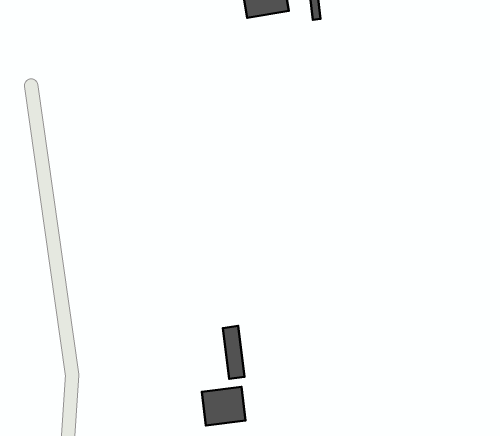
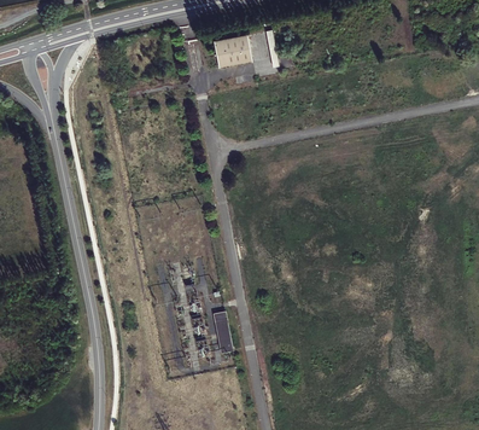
building: [202,387,246,425] -> none

